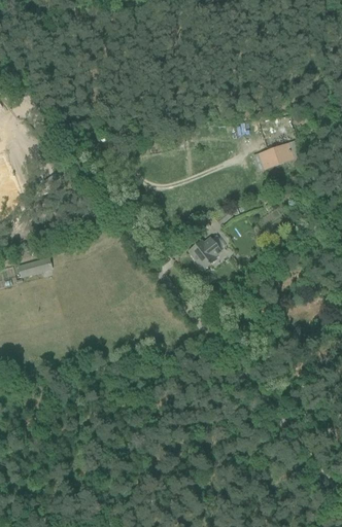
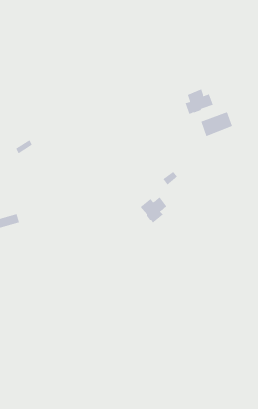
building: none -> [185,89,213,115]

